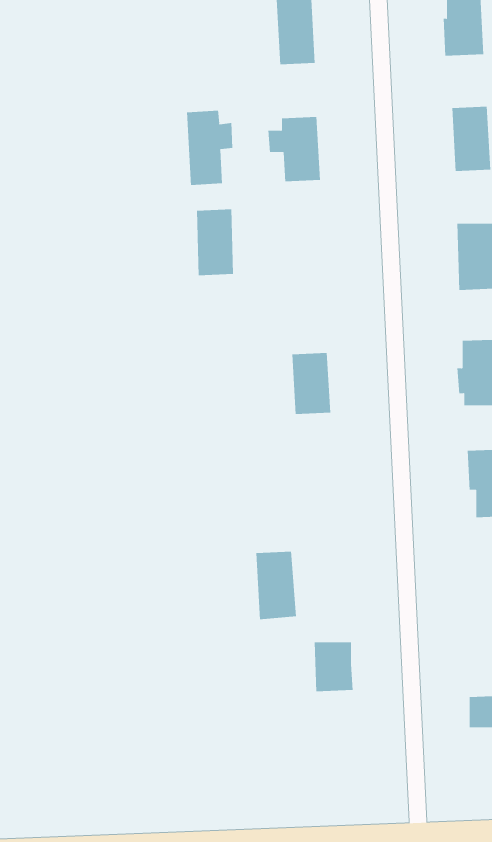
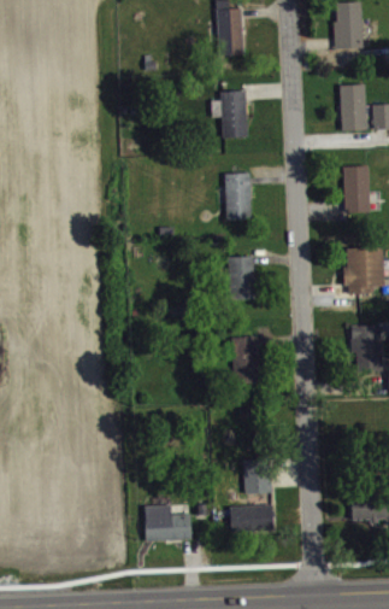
building: [186,110,233,186] -> none
building: [196,209,234,276] -> [224,174,251,221]
building: [256,551,297,620] -> [231,336,260,385]
building: none -> [145,505,191,541]
building: none -> [230,505,272,533]

